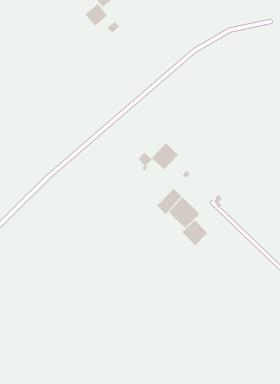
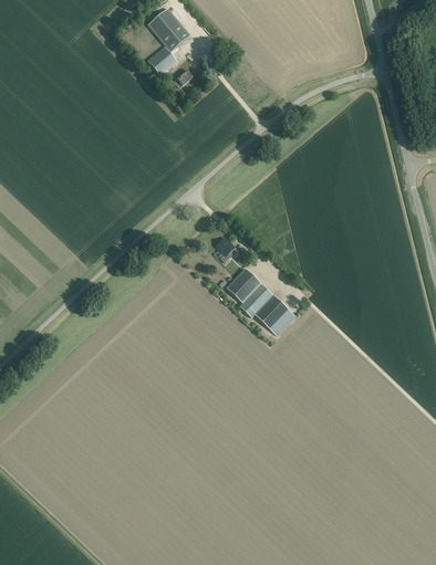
building: [151,143,179,170] -> [226,268,261,303]
building: [181,219,208,246] -> none

